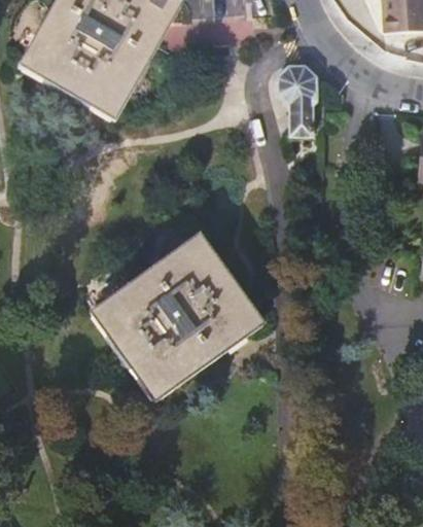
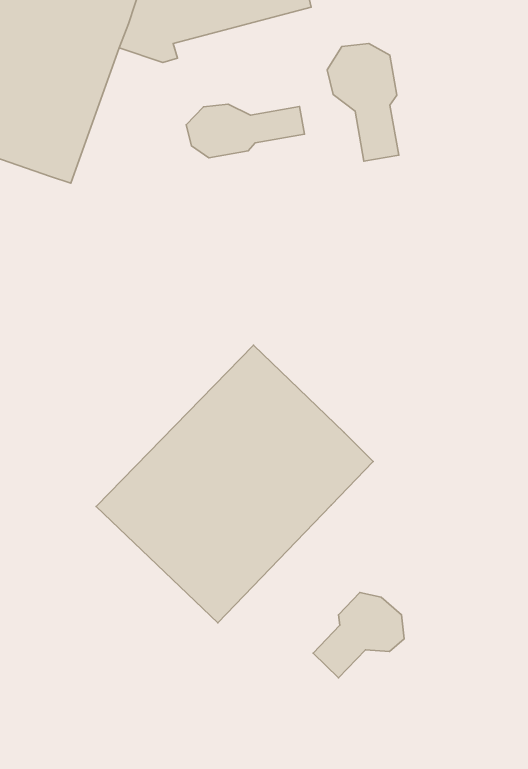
building: none -> [186,104,304,158]
building: none -> [313,593,404,678]

